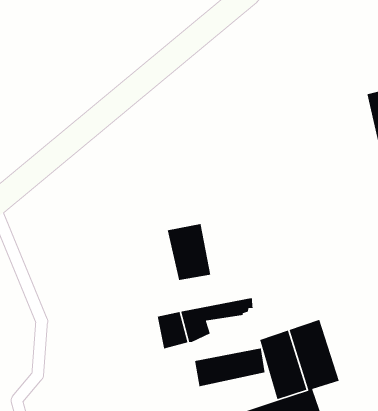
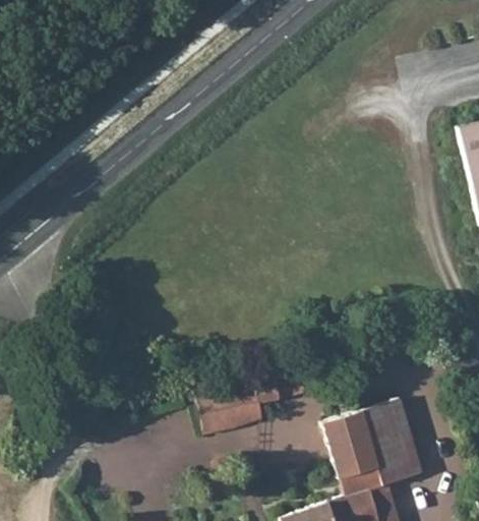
building: [167,223,211,281] -> none
building: [194,347,266,387] -> none

